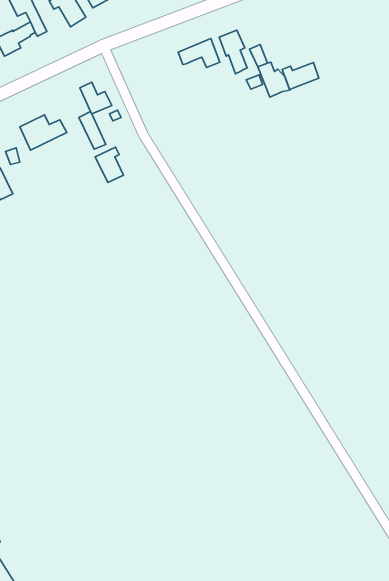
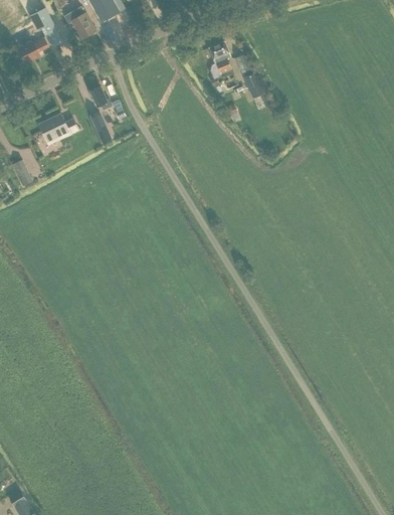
building: [178,39,220,67] -> none
building: [282,63,319,89] -> none
building: [95,147,124,183] -> none

